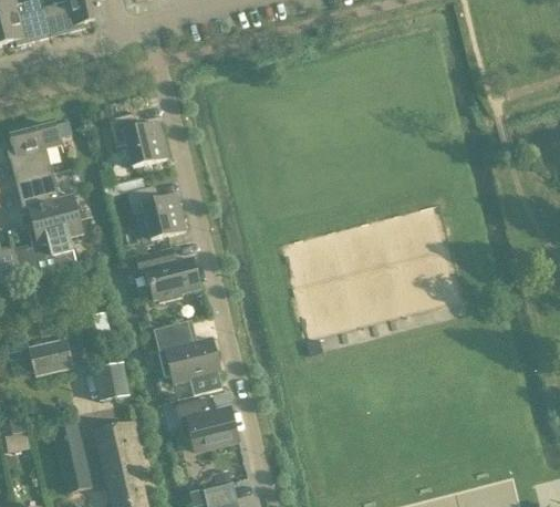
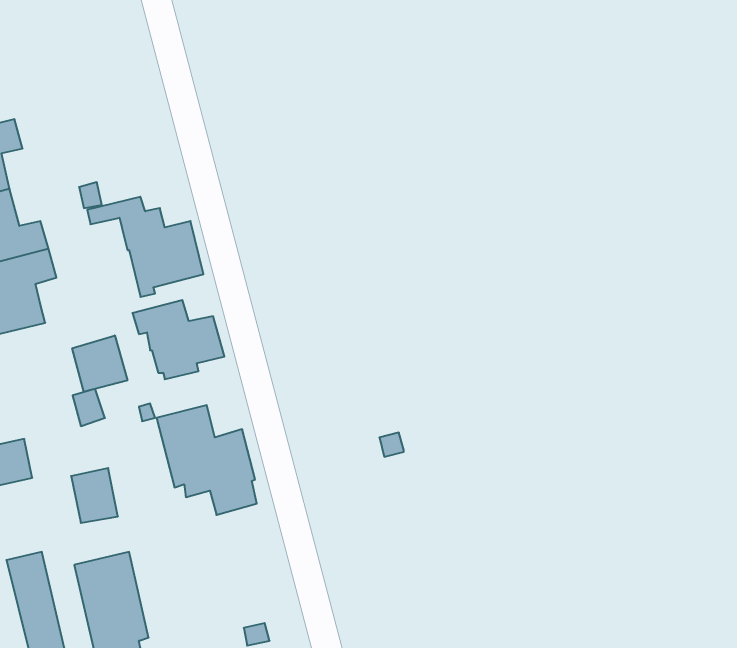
building: [108,111,167,173] -> none
building: none -> [72,335,127,392]
building: [163,396,238,449] -> none

